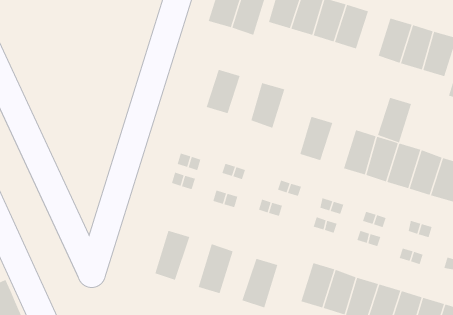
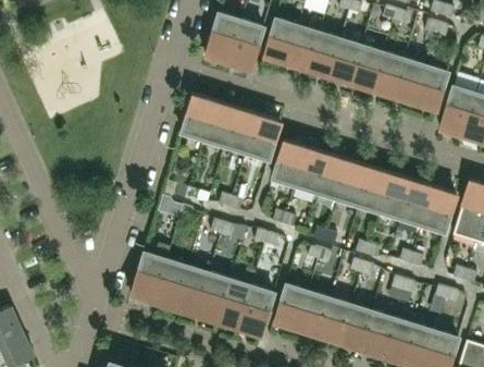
building: none -> [350,45,383,88]
building: none -> [182,94,215,138]
building: none -> [225,108,258,151]
building: [377,97,412,143] -> [315,154,349,198]
building: none -> [272,140,306,184]
building: none -> [132,252,166,301]
building: none -> [174,265,209,314]
building: none -> [218,279,252,327]
building: none -> [274,283,308,328]

